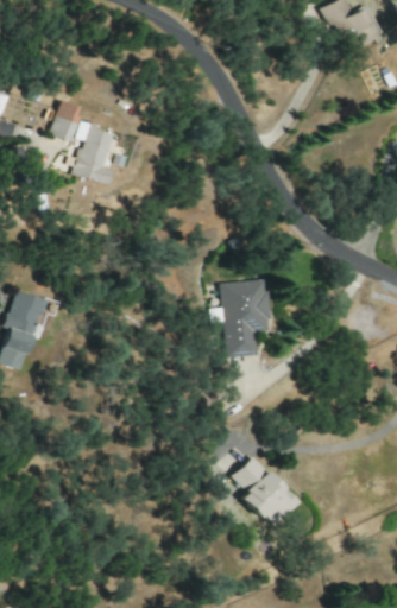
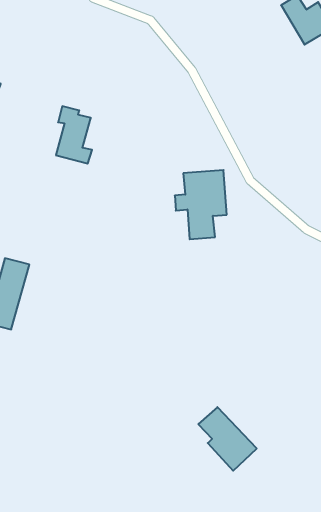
building: [50,100,83,141] -> none
building: [213,279,271,356] -> [175,170,227,239]

